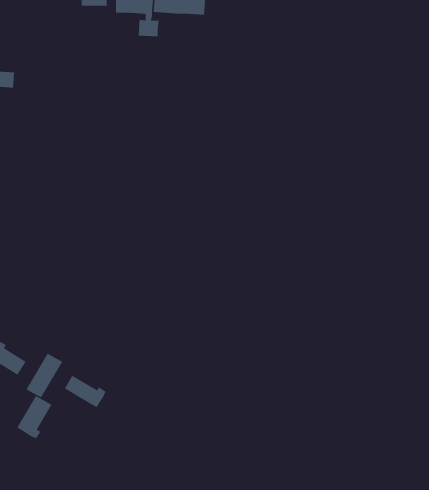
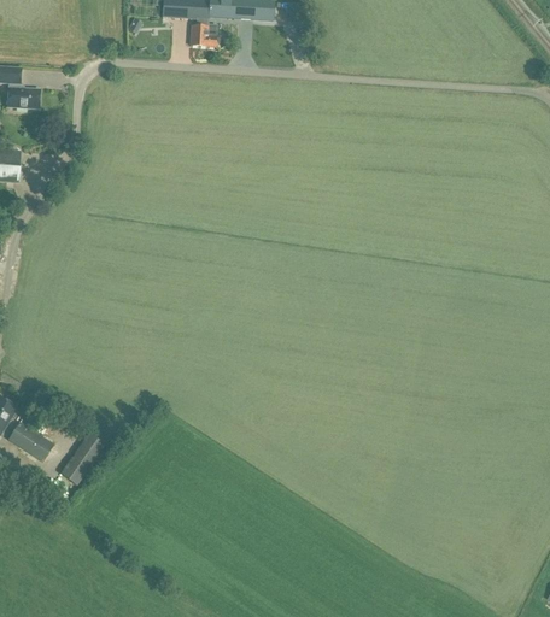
building: [64,375,106,408] -> none
building: [17,395,52,439] -> none

